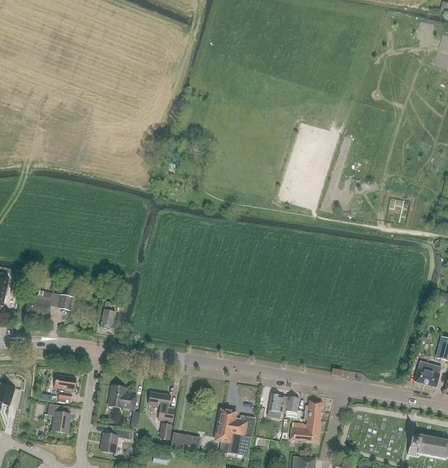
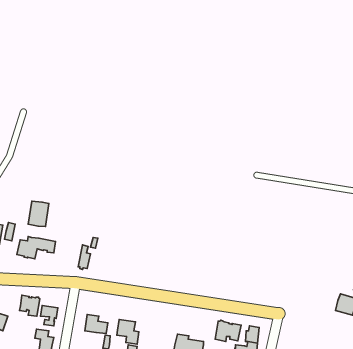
building: none -> [28,201,49,226]
building: none -> [20,295,40,316]

